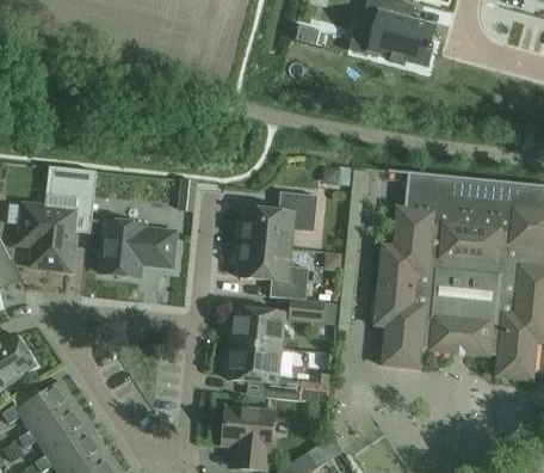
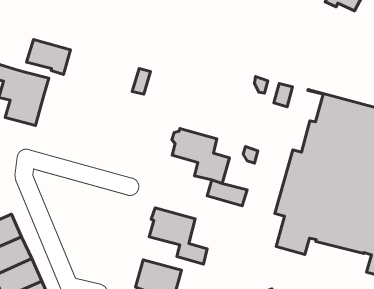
building: [237,191,316,247] -> none
building: [100,220,174,276] -> none
building: [229,307,283,348] -> none

